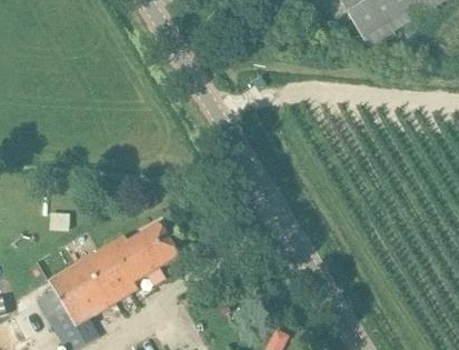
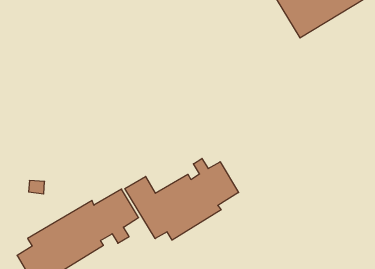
building: none -> [125,158,239,240]

